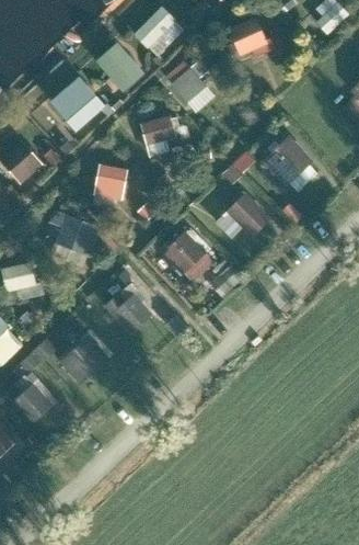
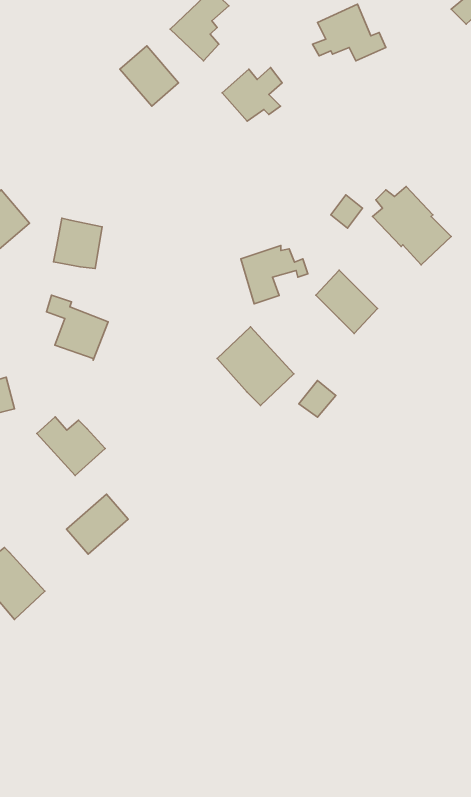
building: [53,78,103,128] -> none
building: [140,117,184,156] -> [241,245,308,304]
building: [92,167,124,200] -> [54,218,102,269]
building: [107,293,152,331] -> [37,417,105,475]

